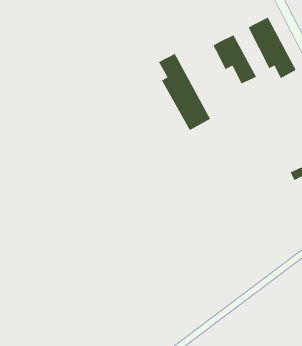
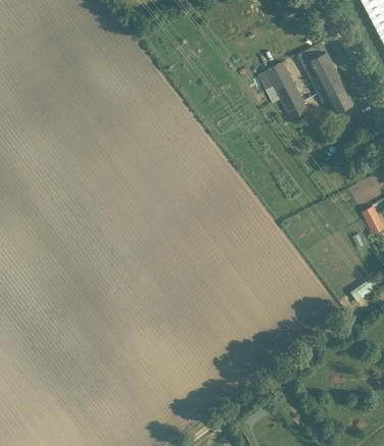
building: [158,53,211,131] -> none

